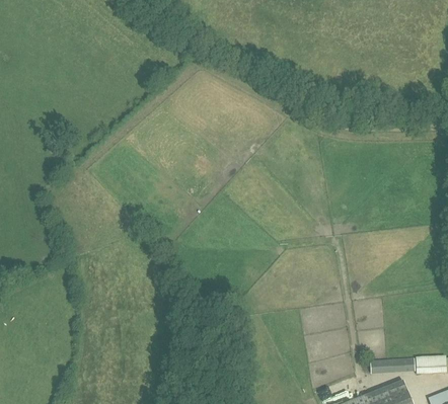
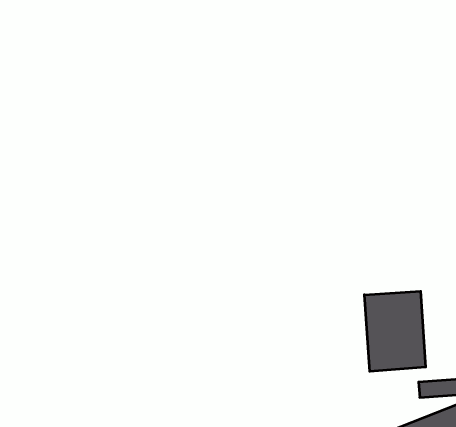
building: none -> [364,291,426,371]

